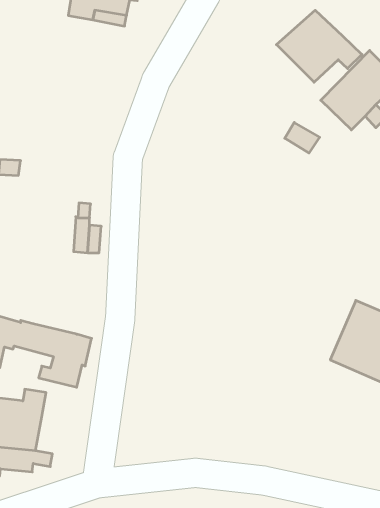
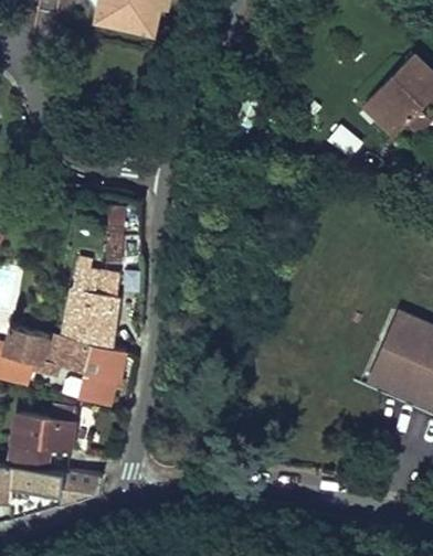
building: [276,10,362,82] -> none
building: none -> [64,258,122,350]

